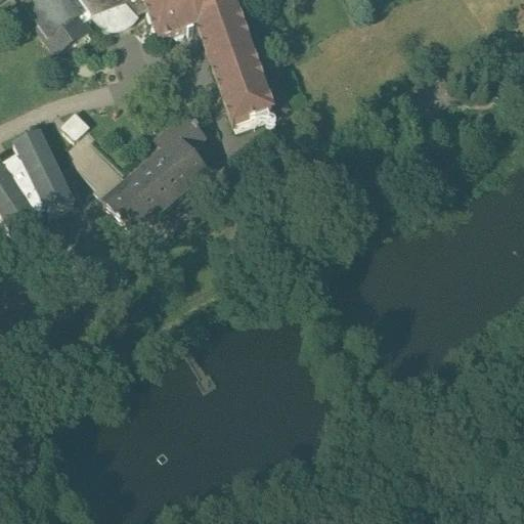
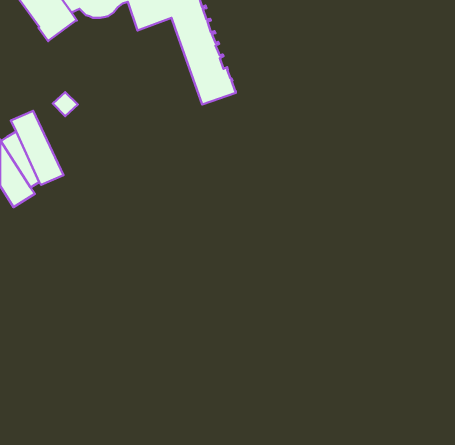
building: [104,111,208,231] -> none

